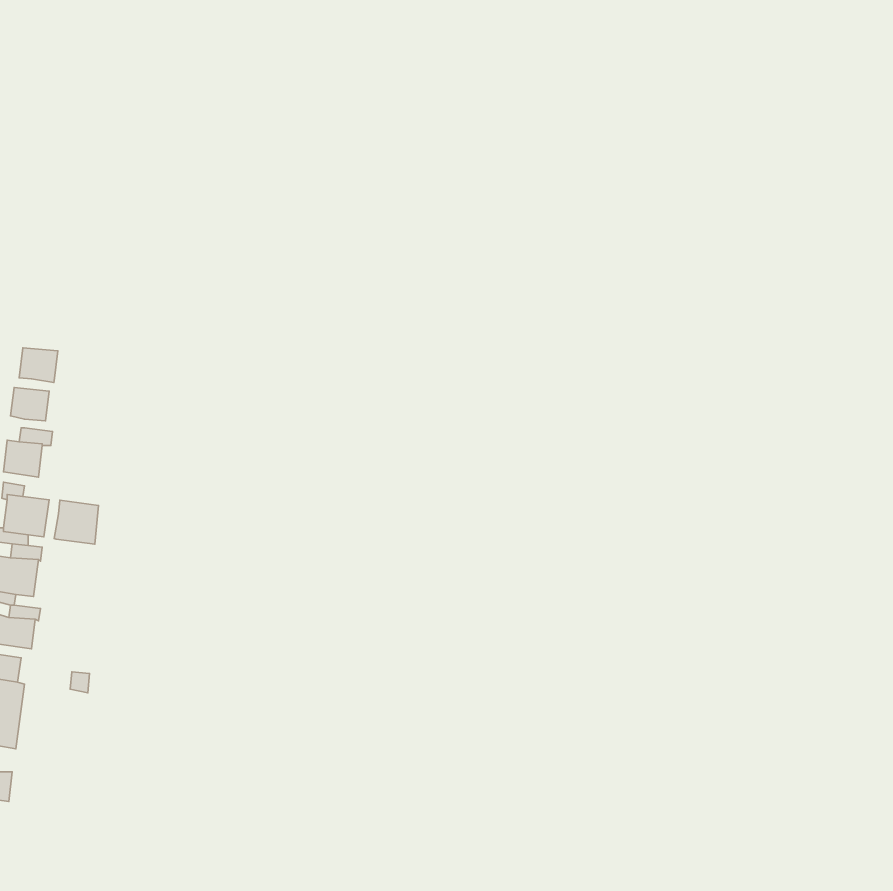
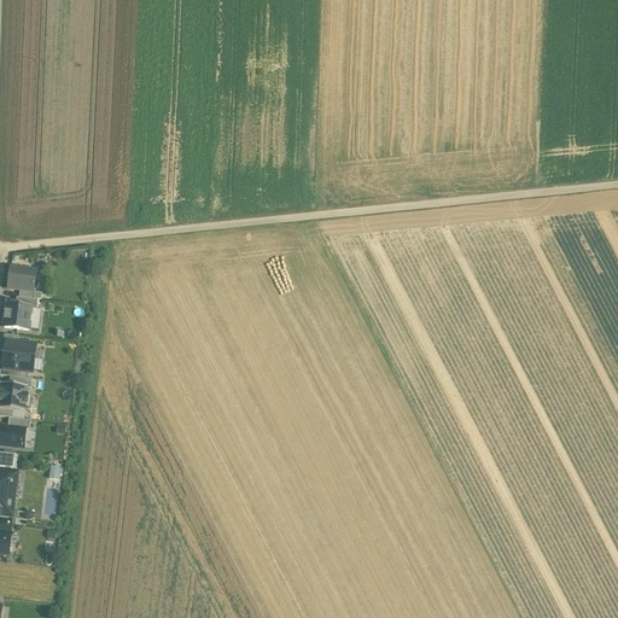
building: [19,348,58,382] -> none
building: [54,500,98,544] -> none

